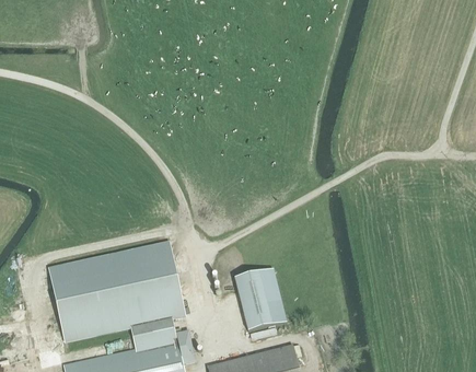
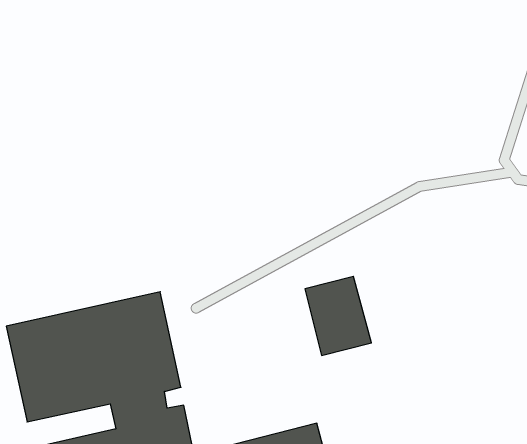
building: [234,268,287,330] -> [305,276,371,355]

